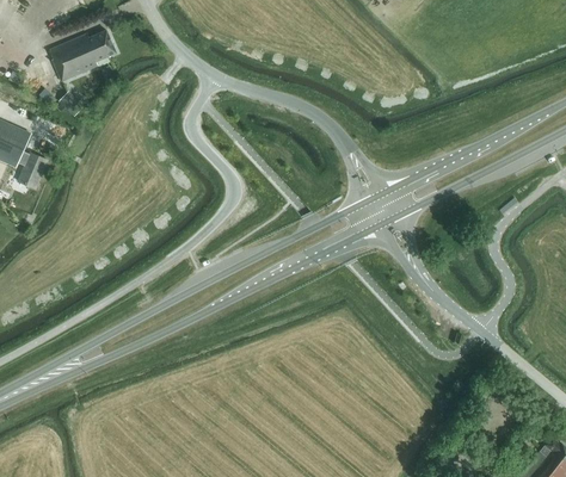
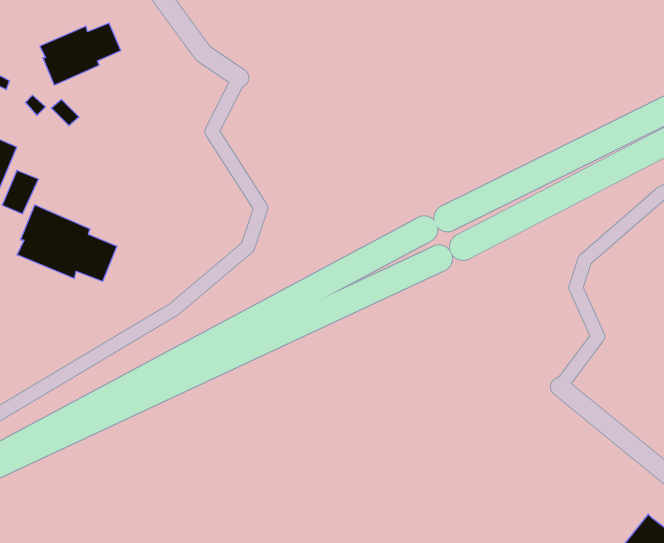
building: none -> [17,205,117,281]

